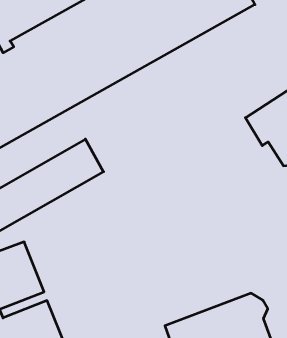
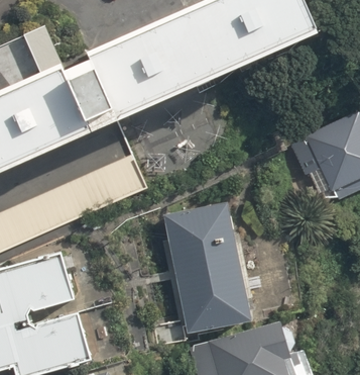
building: none -> [164,201,251,333]

